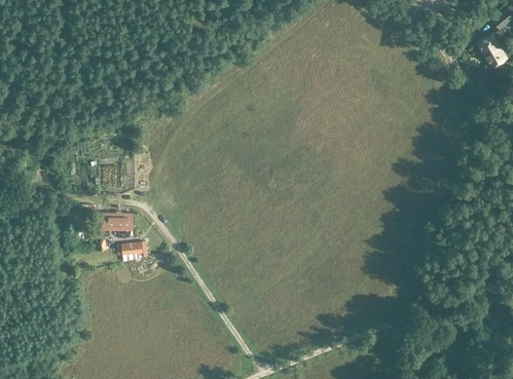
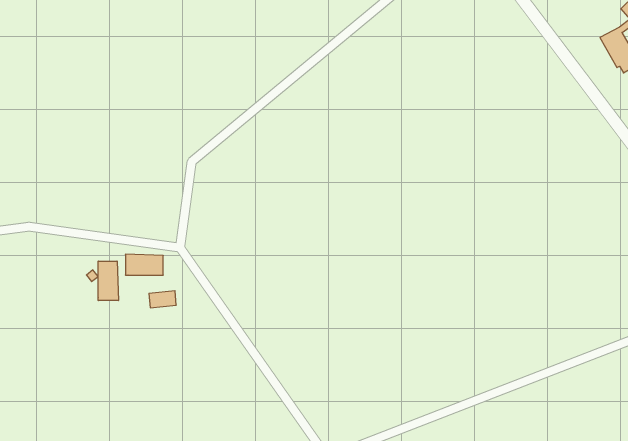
building: none -> [98,261,118,301]

